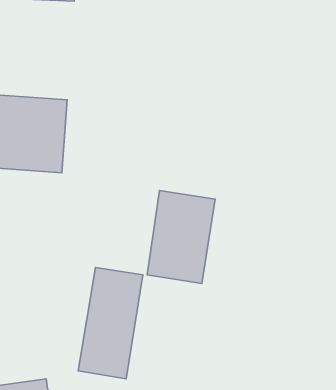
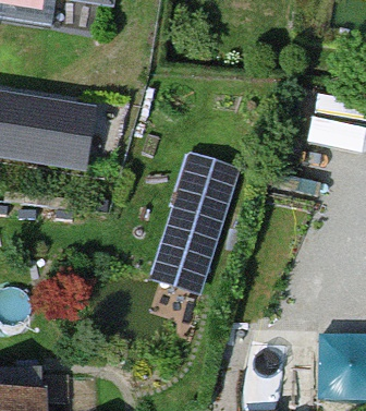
building: [78,267,143,379] -> none

